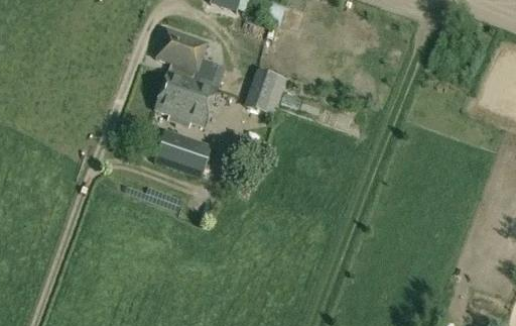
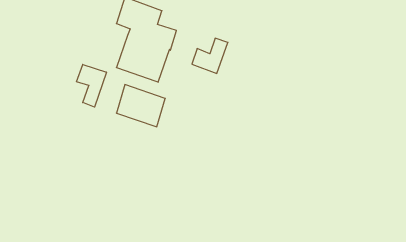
building: none -> [77,64,106,107]

